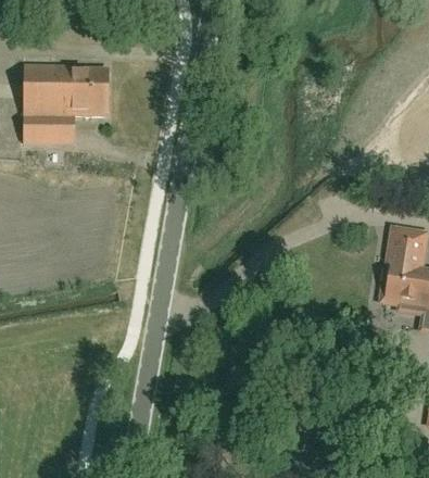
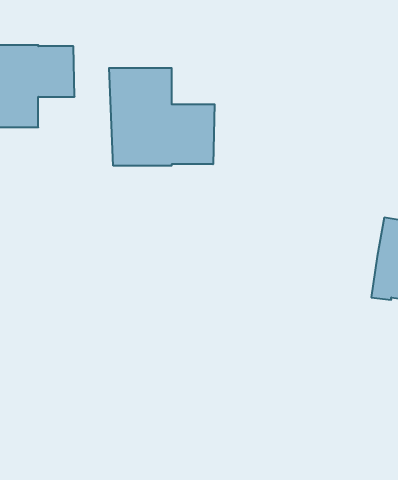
building: none -> [109,68,215,166]

